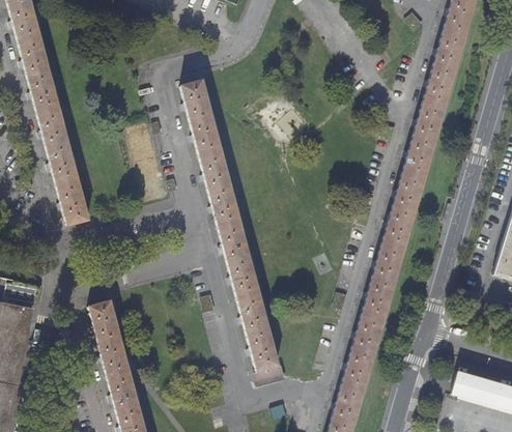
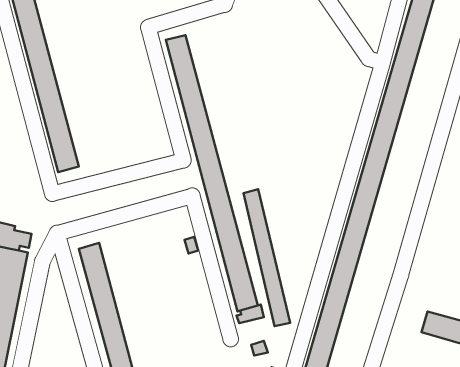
building: none -> [243,189,290,326]

